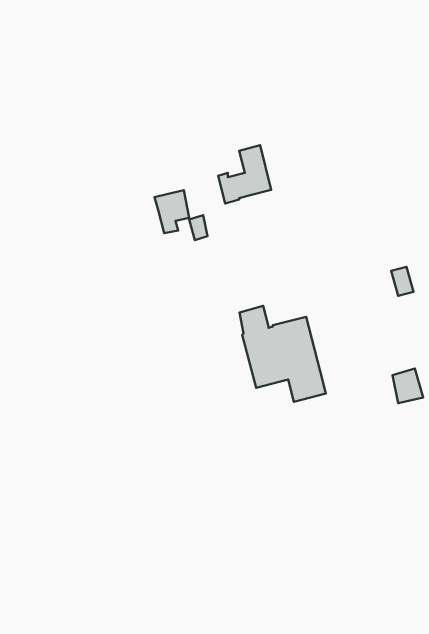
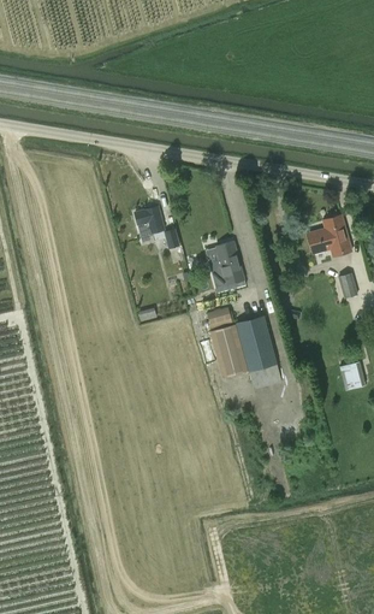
building: [218,145,271,204] -> [198,241,244,291]
building: none -> [307,214,351,256]

